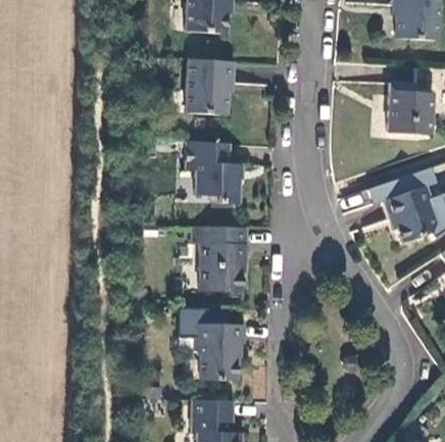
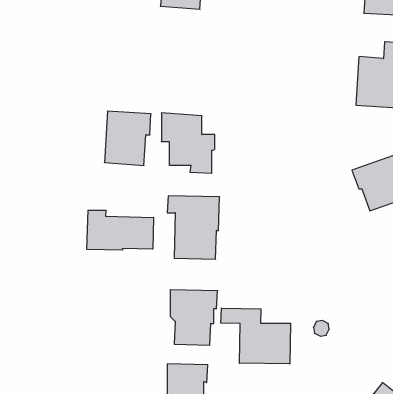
building: [185,58,233,114] -> [104,111,151,165]
building: none -> [87,210,153,250]
building: none -> [221,308,291,364]

